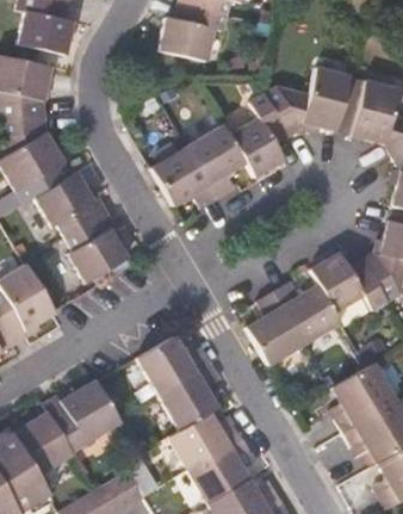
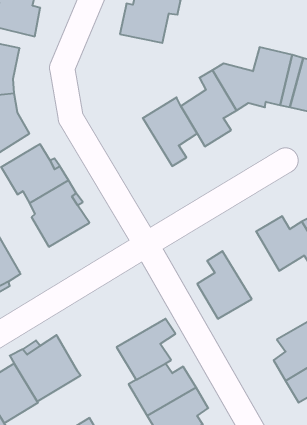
building: [150,144,219,208] -> none
building: [274,280,343,342] -> none
building: [137,328,212,395] -> none

